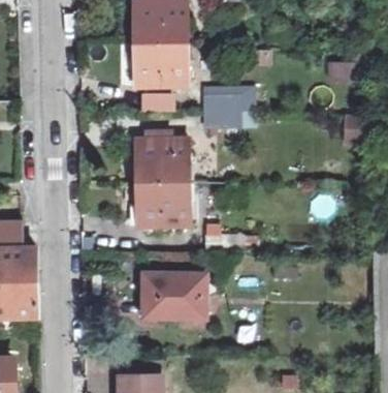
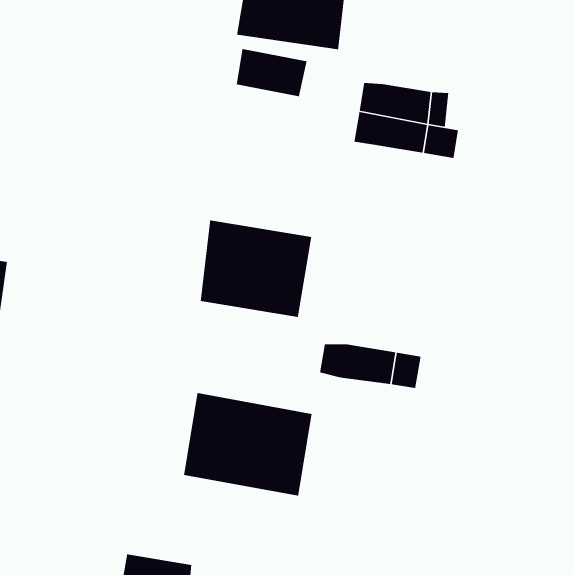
building: [135,142,190,182] -> none

